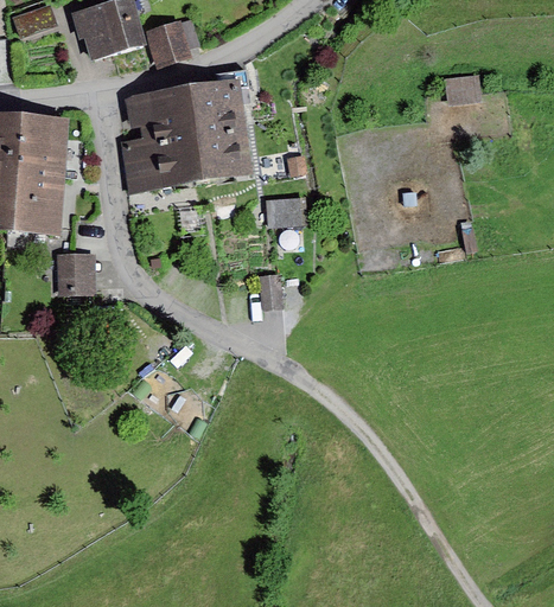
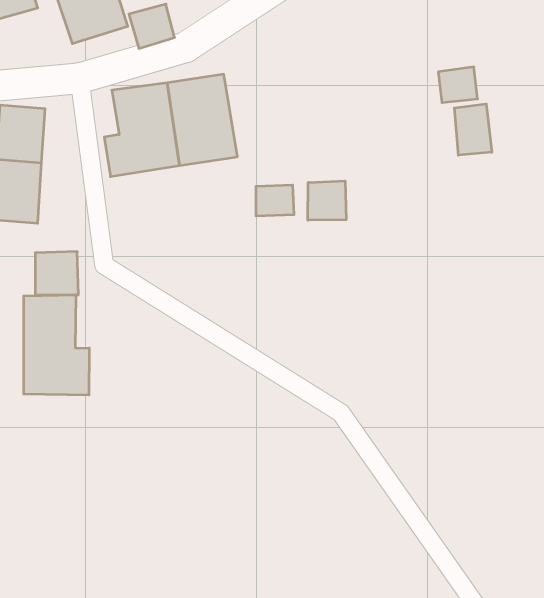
building: none -> [454,104,492,155]
building: none -> [308,181,346,220]
building: none -> [24,295,89,395]

